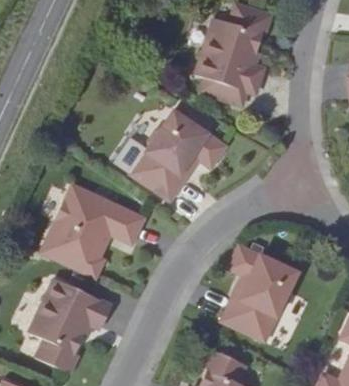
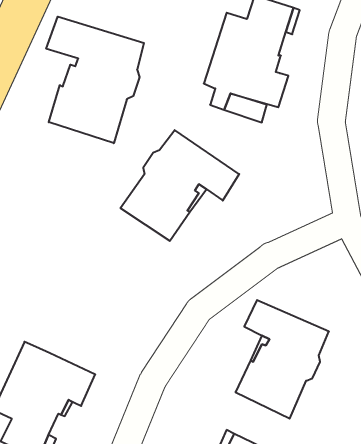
building: none -> [46,17,144,143]
building: [42,184,144,277] -> none

